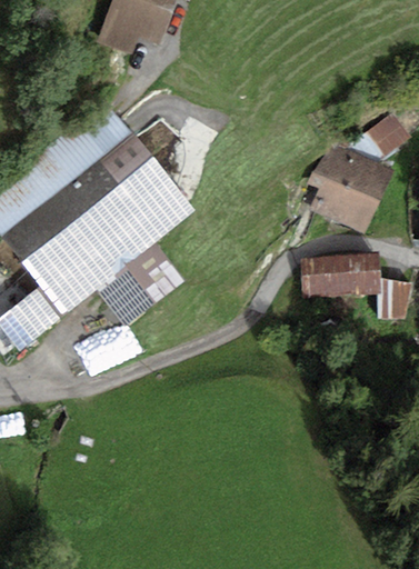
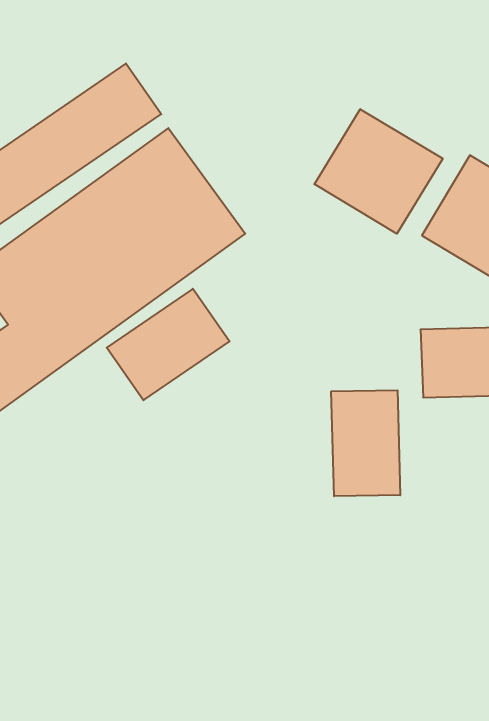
building: none -> [314,109,443,234]
building: none -> [331,390,400,496]

